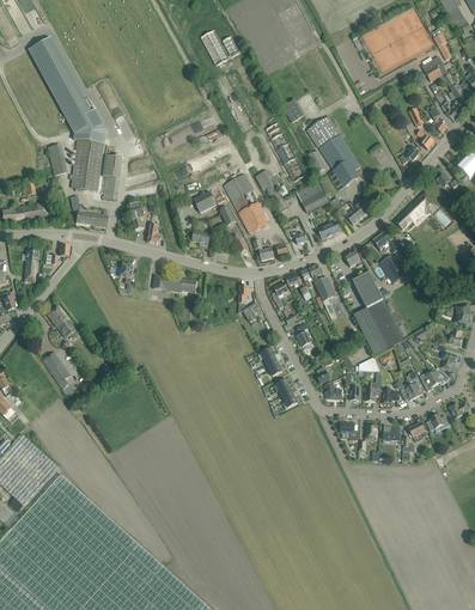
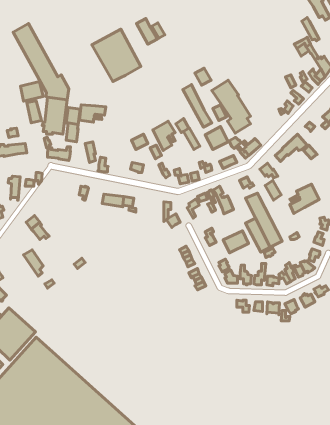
building: none -> [92,29,141,82]
building: none -> [21,82,43,101]
building: none -> [79,105,106,122]
building: [238,202,270,234] -> none
building: none -> [290,184,319,213]
building: none -> [223,231,248,253]

